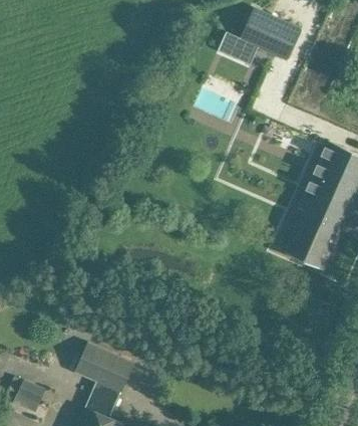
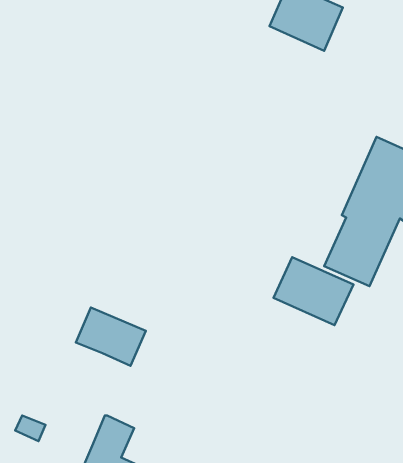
building: none -> [273,257,353,325]
building: [72,343,132,393] -> [76,308,146,366]

